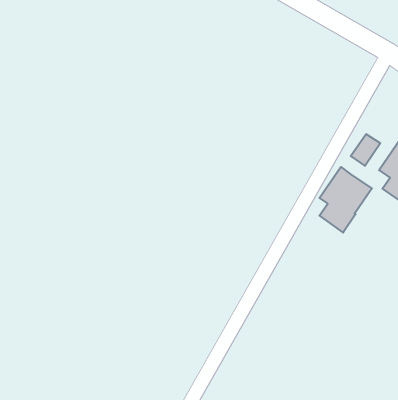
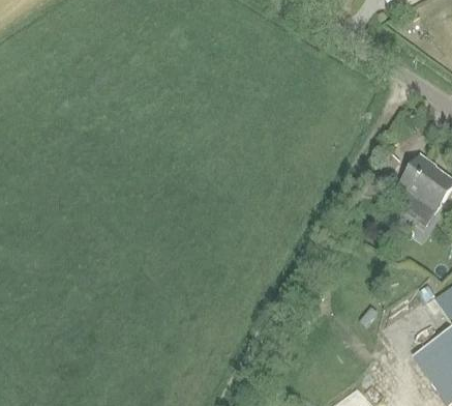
building: [319,167,372,233] -> none

